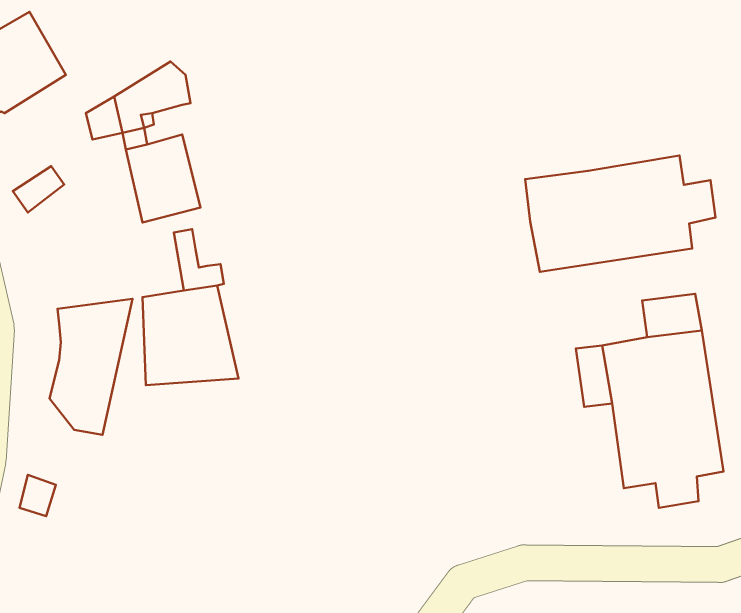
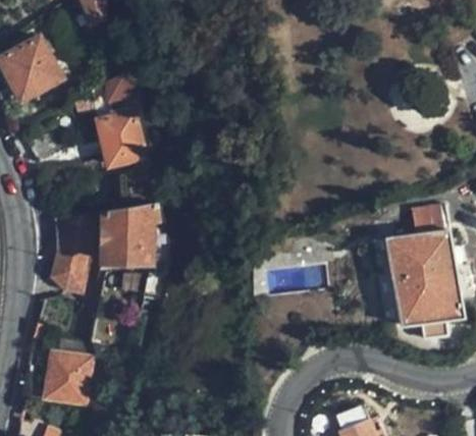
building: [525,156,716,272] -> none
building: none -> [49,348,95,396]

